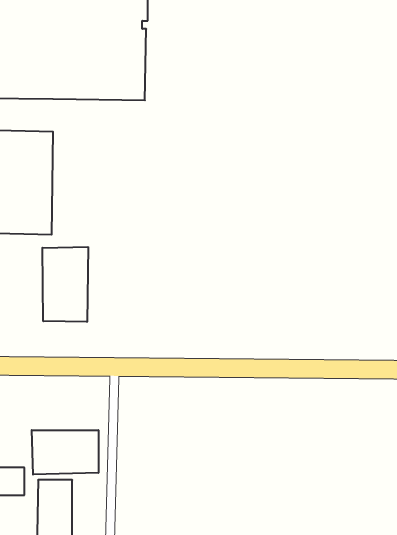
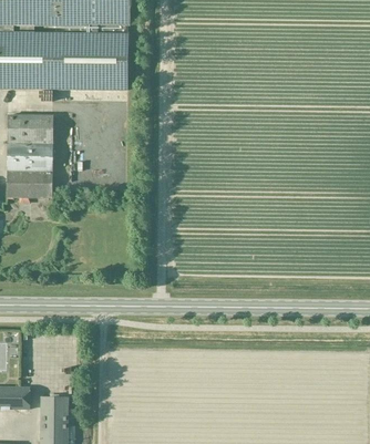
building: [42,247,88,322] -> none
building: [32,430,98,475] -> none

